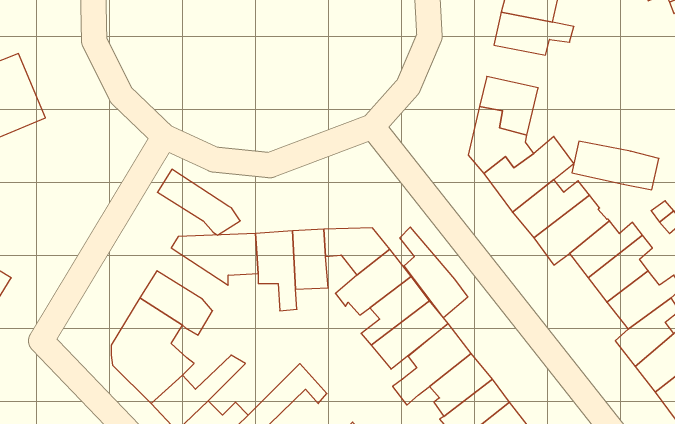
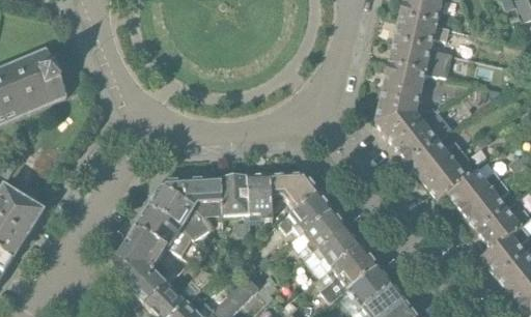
building: [572,141,659,190] -> [388,40,451,76]
building: [157,169,240,235] -> [148,188,208,235]
building: [400,227,468,318] -> none

